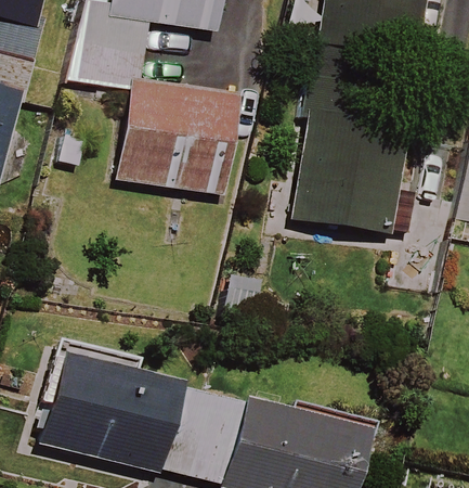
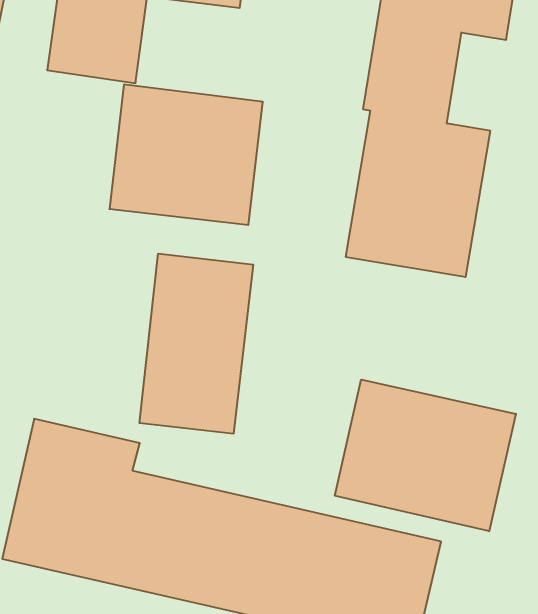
building: none -> [139,254,253,434]
building: none -> [335,380,516,531]

